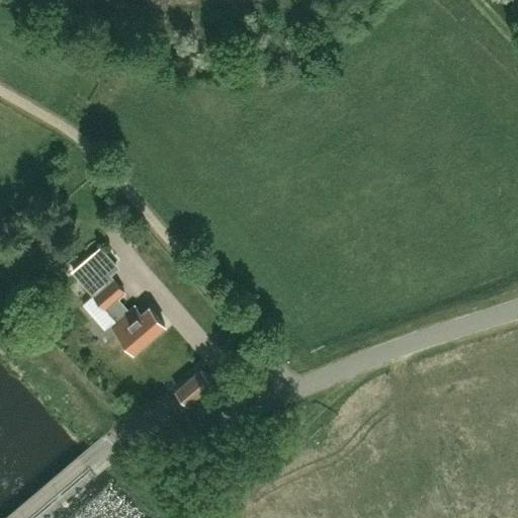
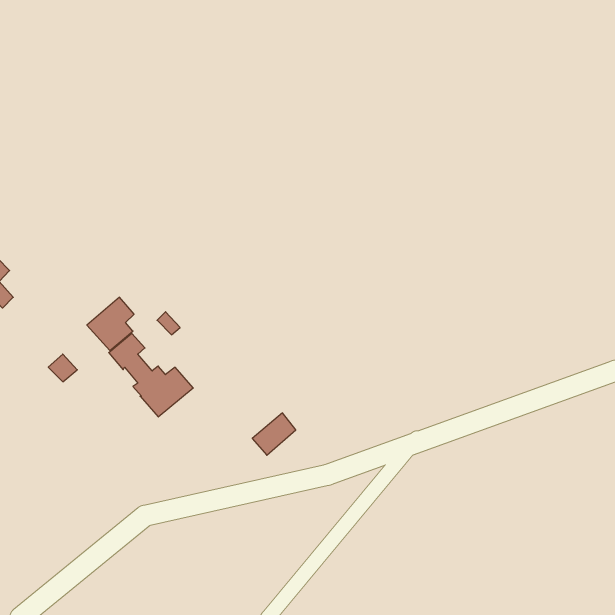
building: [174,369,210,405] -> [252,413,296,455]

